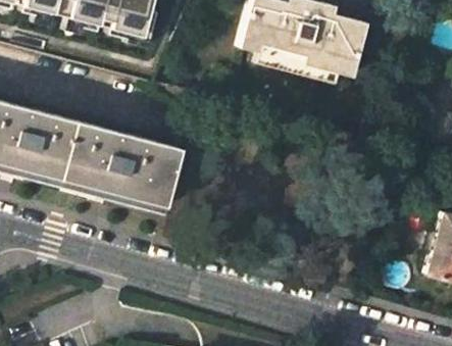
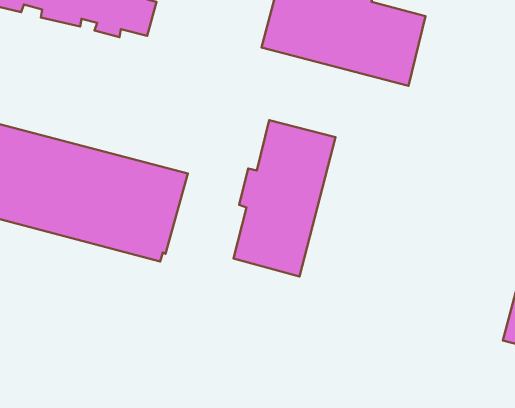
building: none -> [234,120,335,277]

